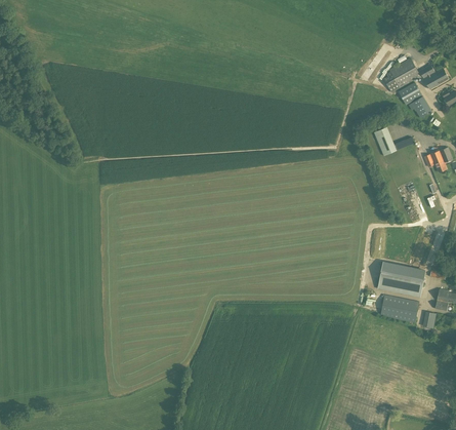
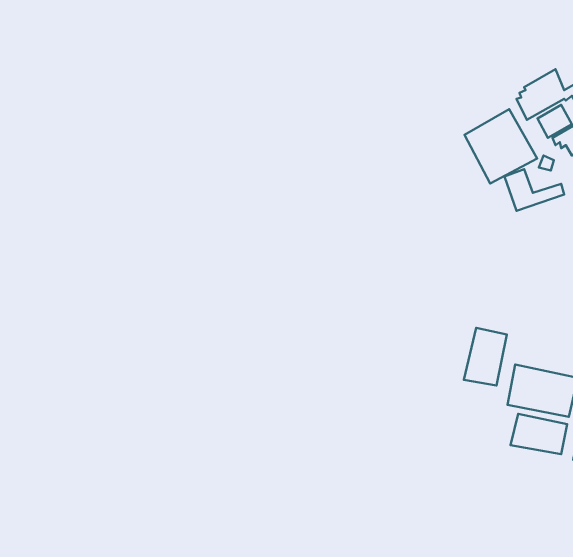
building: none -> [465,109,537,184]
building: none -> [464,328,507,386]

